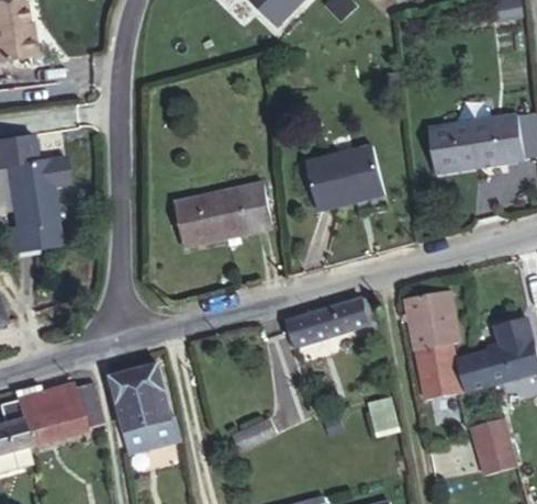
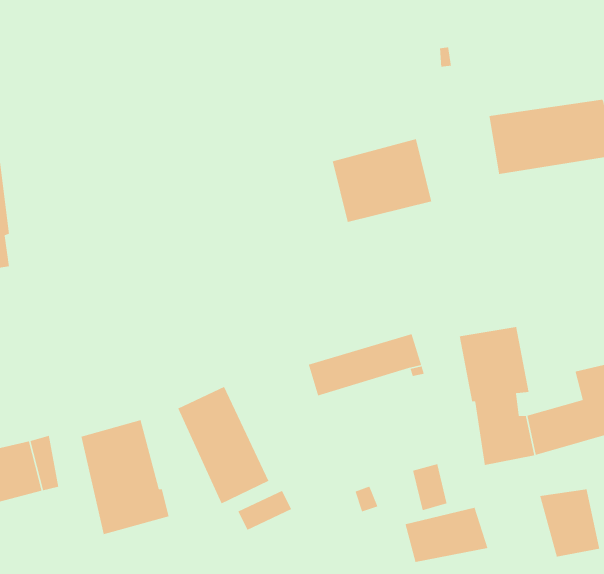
building: [175,182,272,247] -> none
building: none -> [177,386,269,504]
building: none -> [405,507,489,563]

